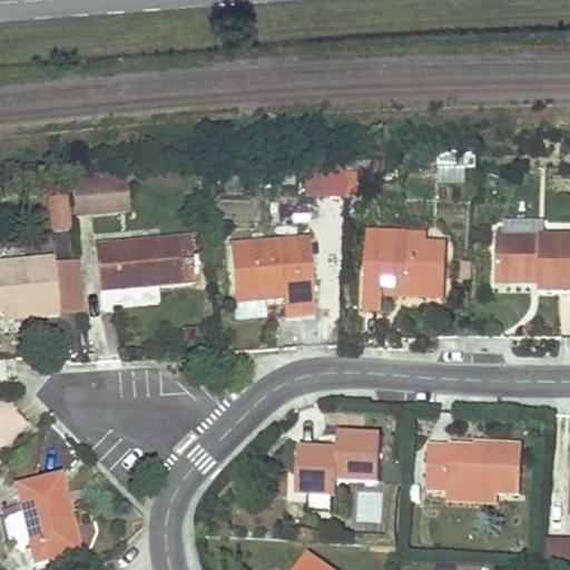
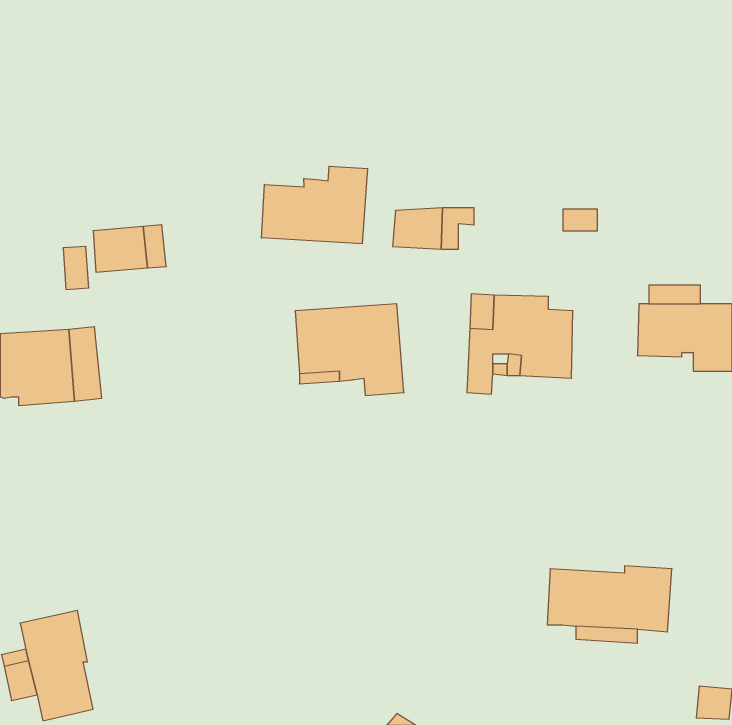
building: none -> [261,166,368,244]
building: [95,236,193,305] -> none
building: [295,433,380,492] -> none

